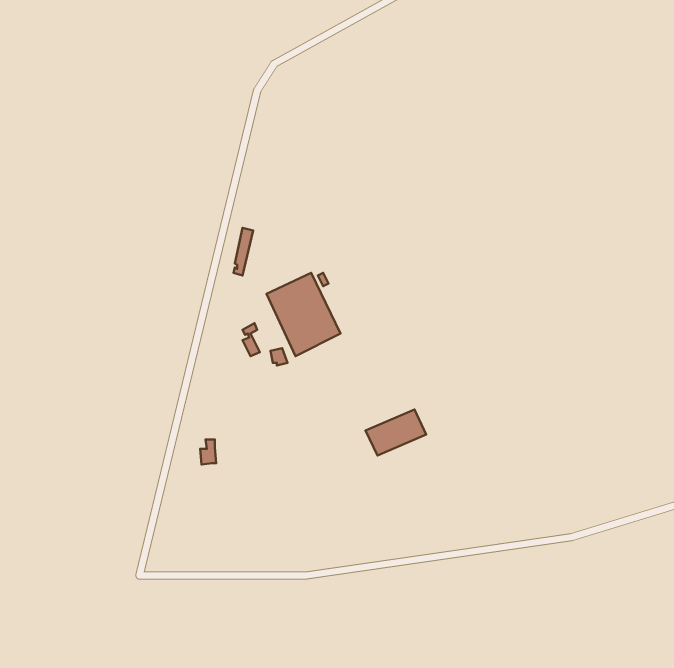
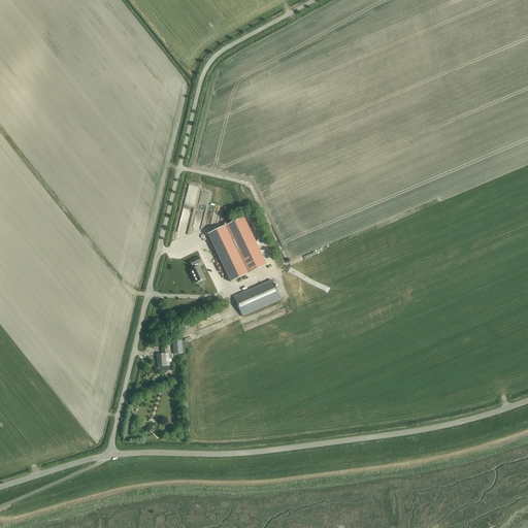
building: [365,409,426,456] -> [233,278,280,315]

